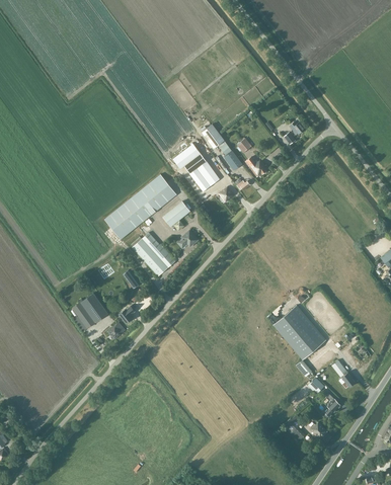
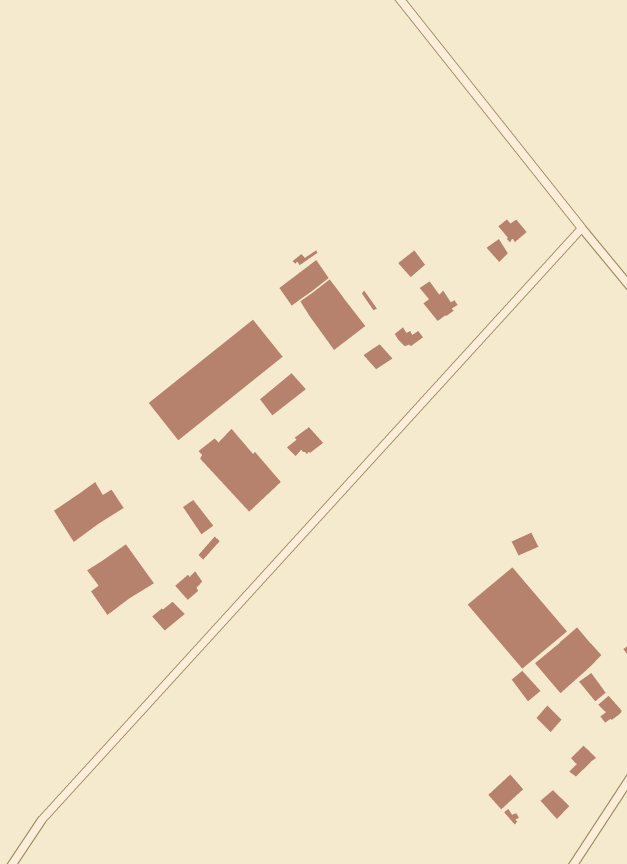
building: [202,124,242,170] -> none
building: none -> [53,481,125,543]
building: none -> [534,626,602,694]

